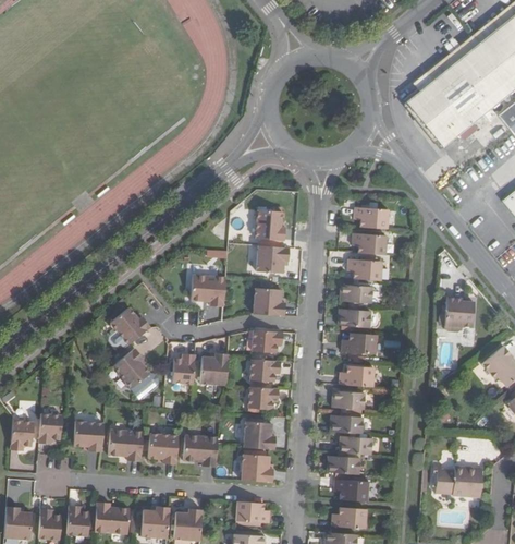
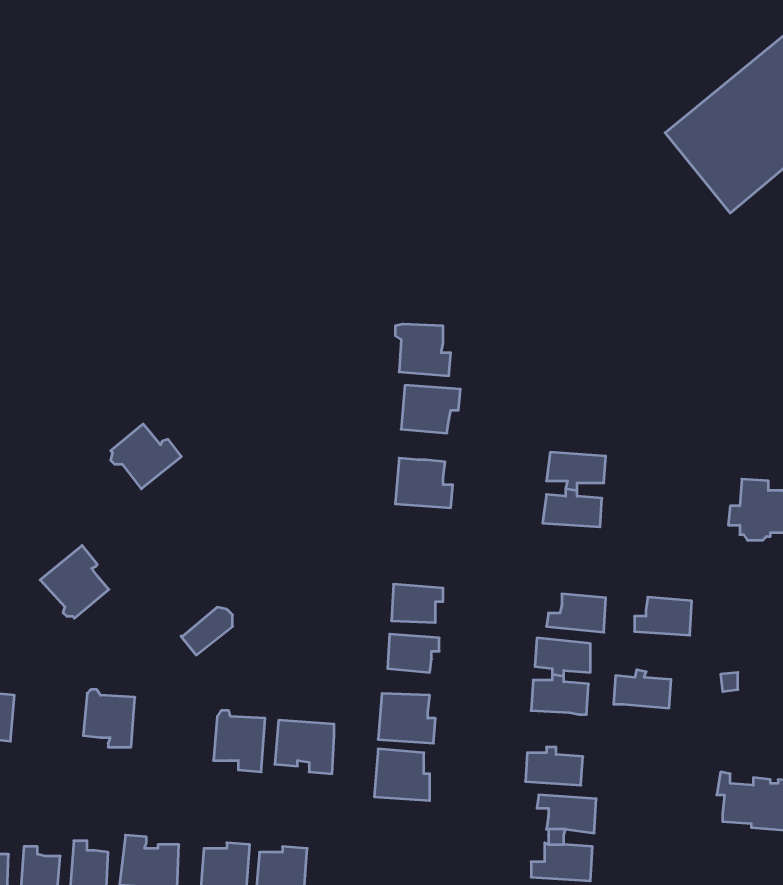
building: [353,206,388,229] -> none
building: [352,231,387,254] -> none
building: [347,258,380,279] -> none
building: [192,274,226,306] -> none
building: [111,307,151,344] -> [111,424,181,489]
building: [254,329,282,352] -> none
building: [342,331,375,353] -> [634,597,692,635]
building: [112,347,151,388] -> [40,545,109,618]
building: [201,353,229,386] -> none
building: [174,354,196,385] -> none
building: [40,414,63,444] -> none
building: [109,430,144,462] -> none
building: [339,432,371,454] -> [614,670,671,708]
building: [236,500,271,521] -> none

